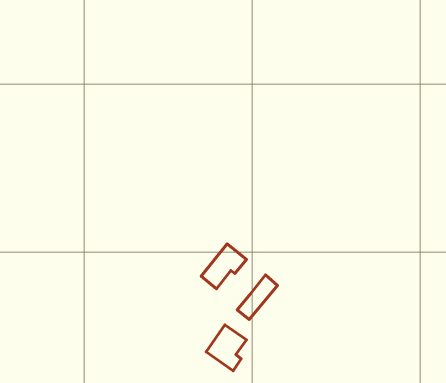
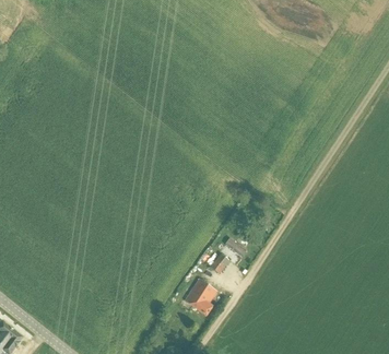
building: [201,244,247,289] -> none

